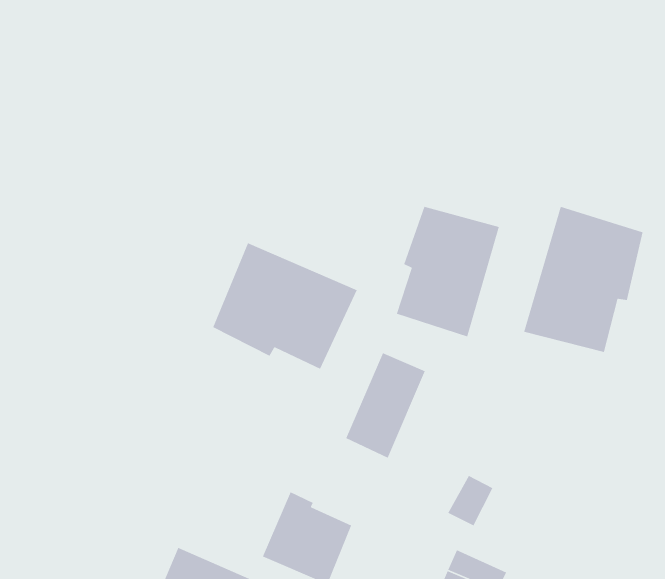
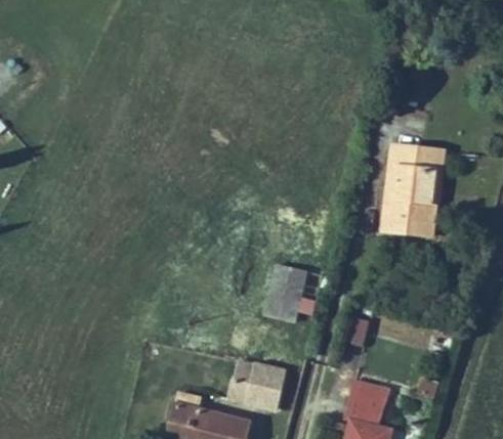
building: [396,206,500,337] -> none
building: [212,242,358,370] -> none

